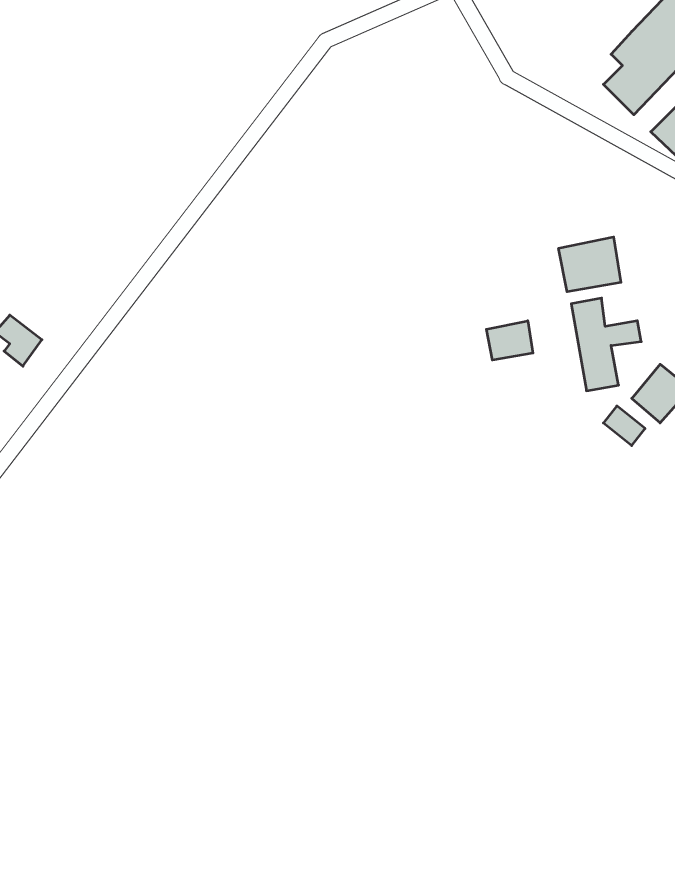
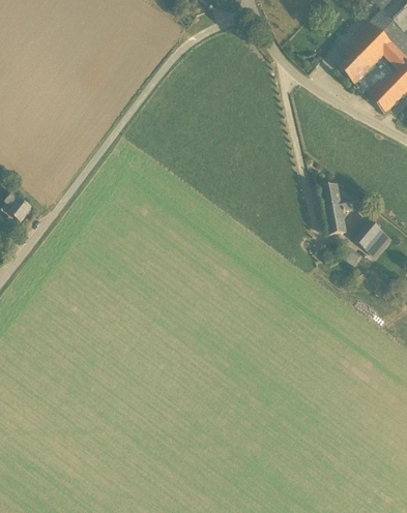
building: [559,237,621,292] -> none
building: [486,321,533,360] -> none

